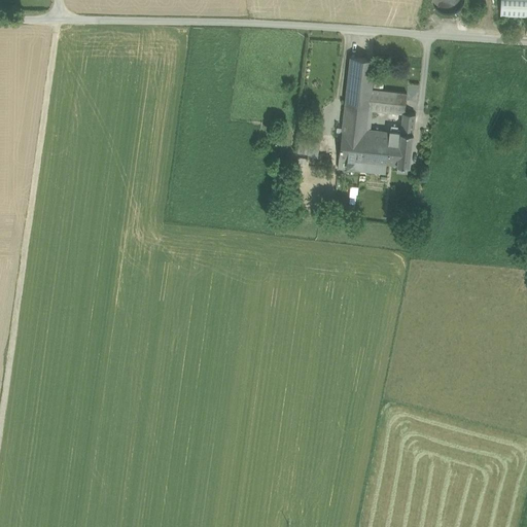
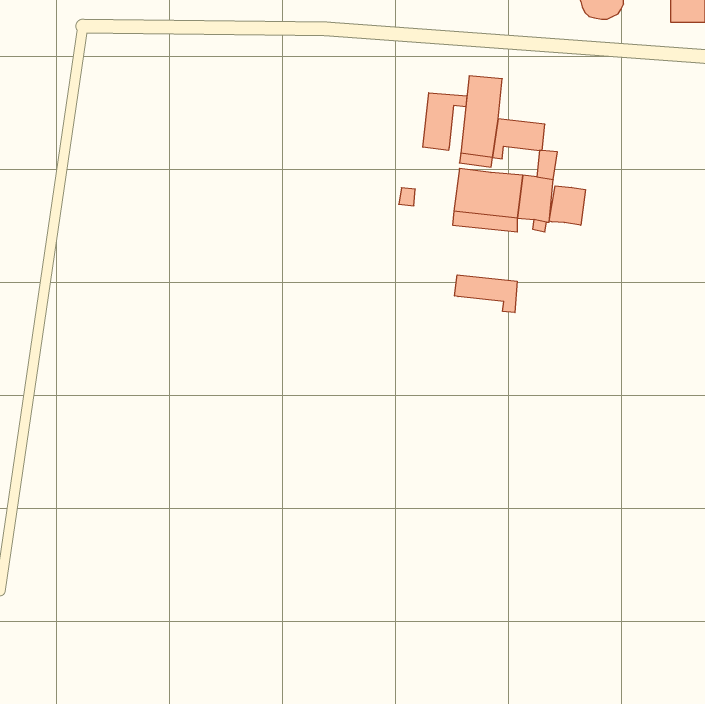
building: none -> [423,93,467,150]
building: none -> [549,186,585,225]
building: none -> [455,275,517,313]

